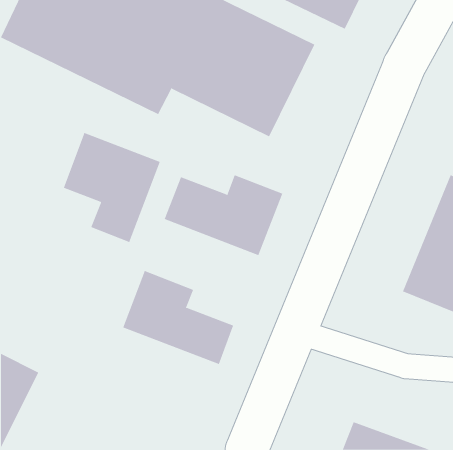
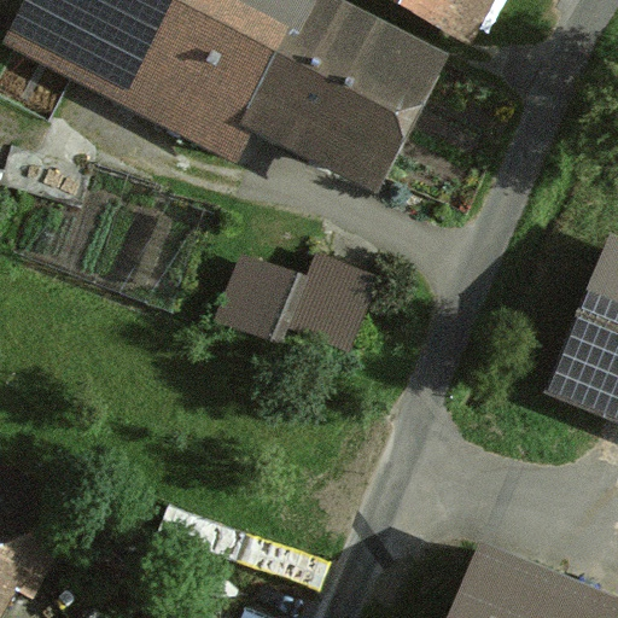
building: [63,132,161,243] -> none
building: [122,270,234,365] -> none

